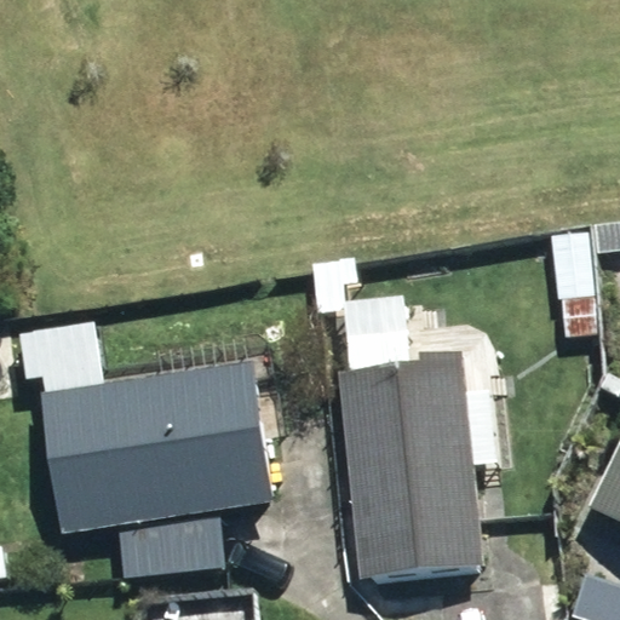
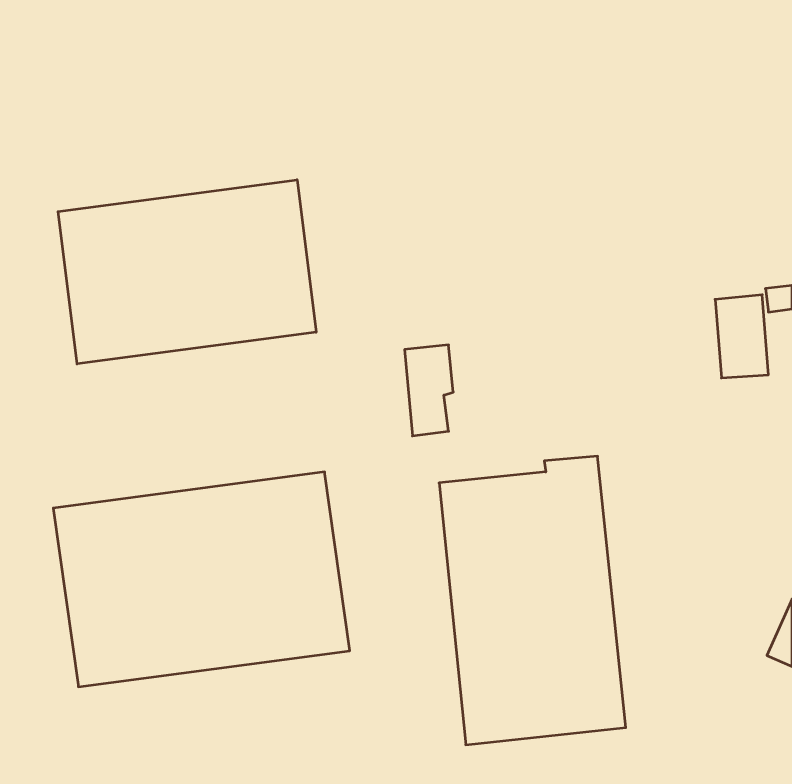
building: none -> [58,180,316,364]

